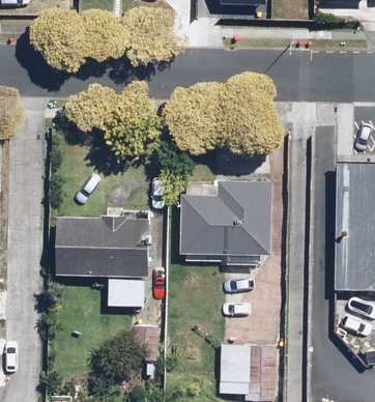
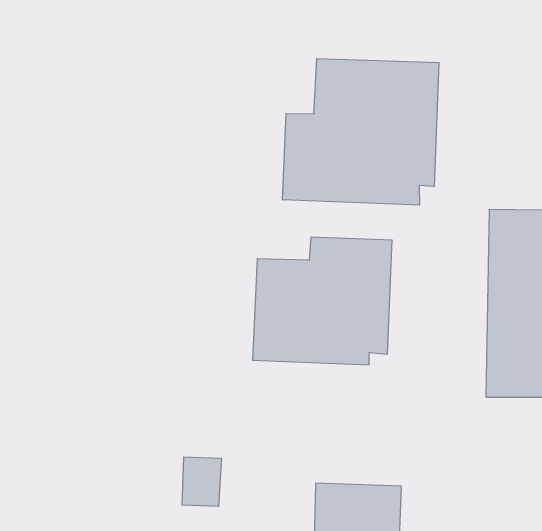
building: none -> [283,58,439,205]
building: [55,210,148,306] -> none

